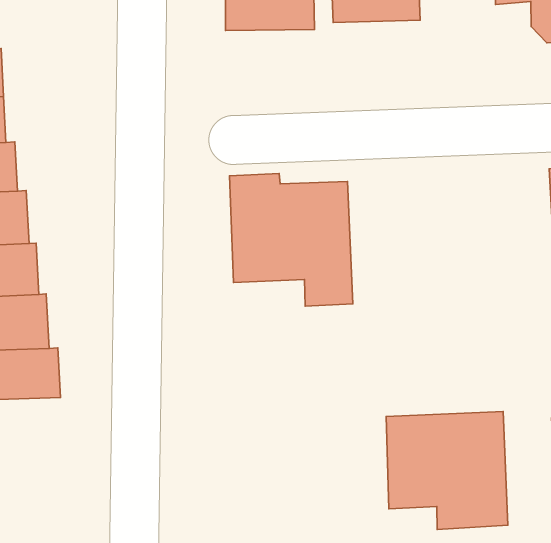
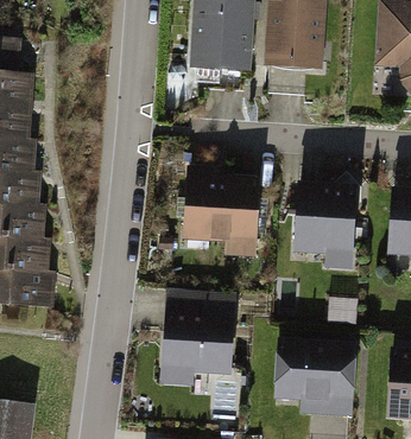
building: none -> [293,183,358,268]
building: none -> [158,295,233,387]

